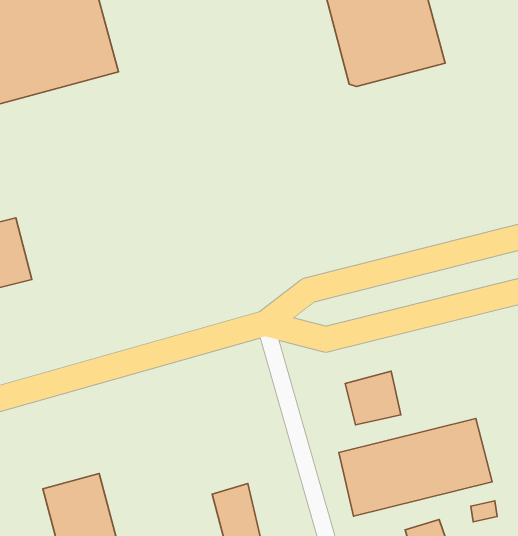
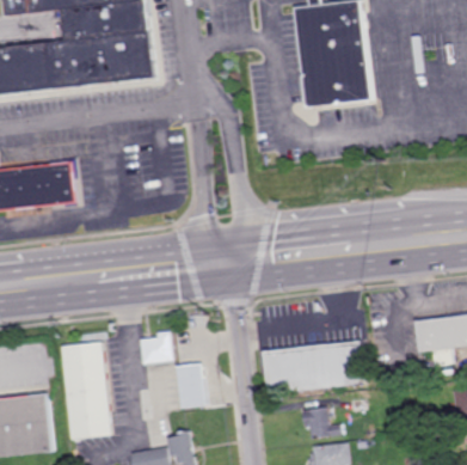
building: [345,371,401,425] -> none
building: none -> [141,330,174,363]

